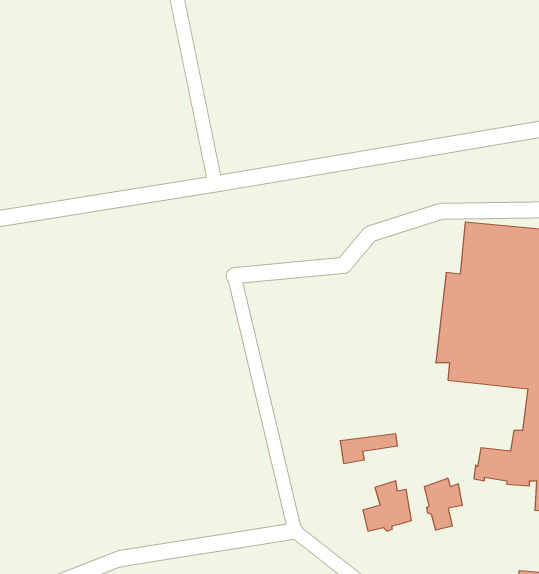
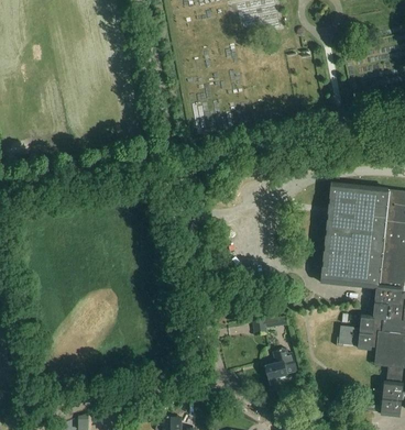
building: [425,478,462,530] -> none

